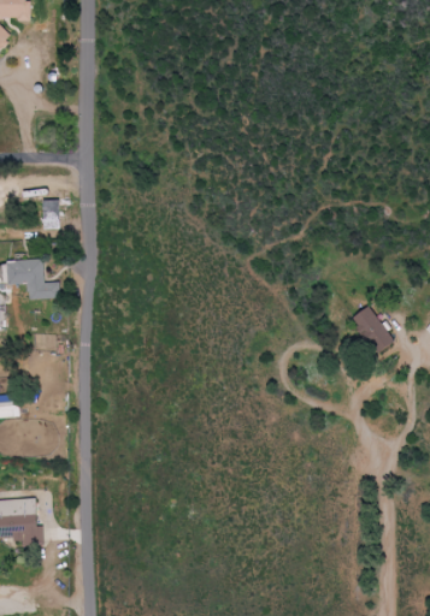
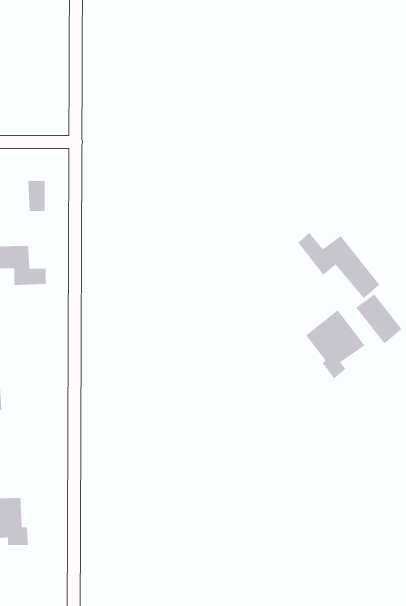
building: none -> [297,232,380,299]
building: none -> [305,309,365,380]

